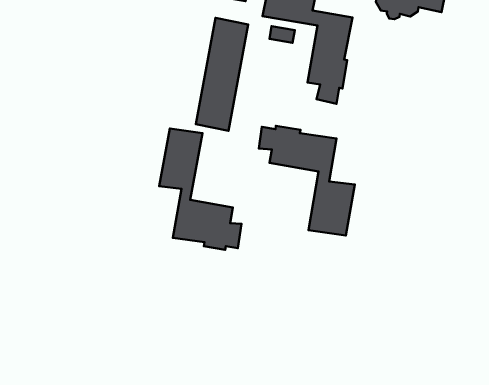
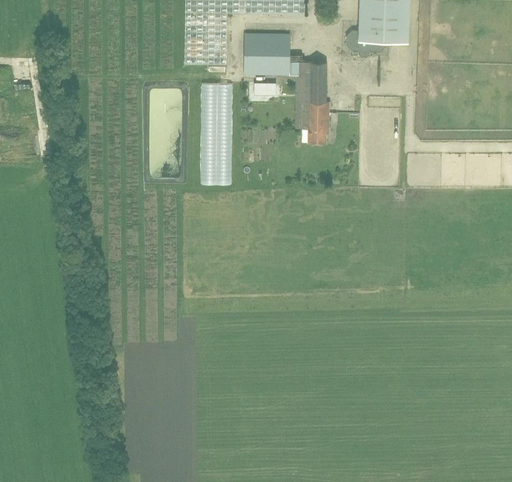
building: [259,126,355,236] -> none
building: [159,129,241,250] -> none

